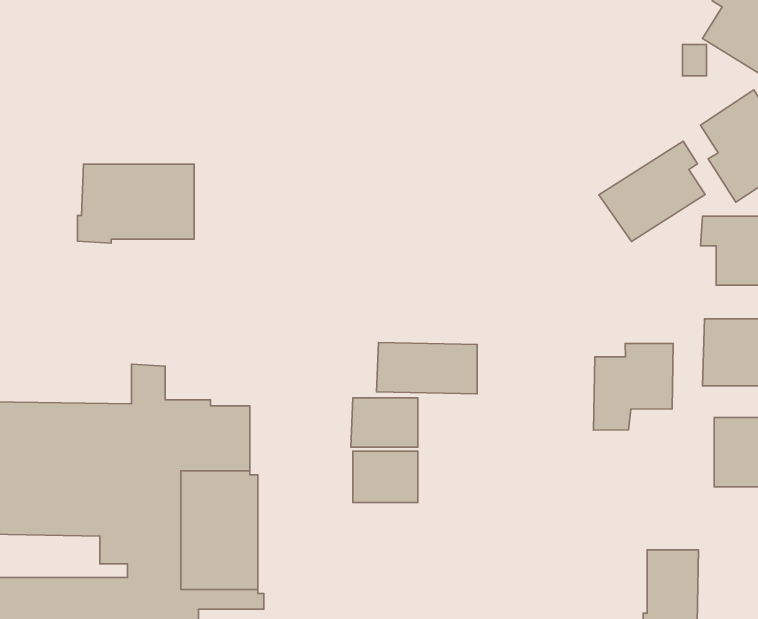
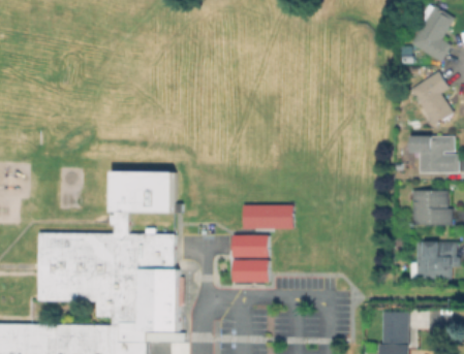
building: [599,141,705,241] -> none
building: [77,164,194,243] -> [113,173,174,215]
building: [594,344,673,430] -> none

